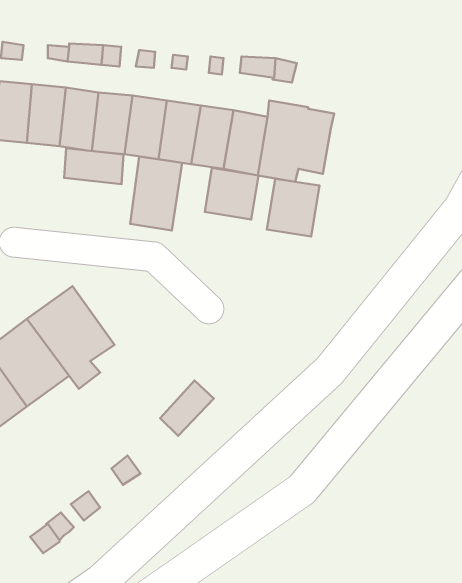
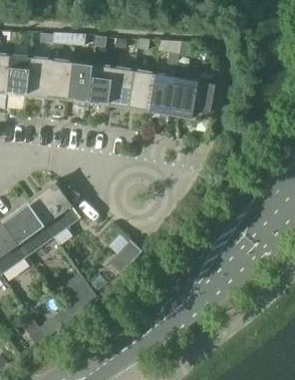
building: [64,148,123,184] -> none
building: [130,157,182,231] -> none
building: [205,168,258,219] -> none
building: [267,179,320,236] -> none

